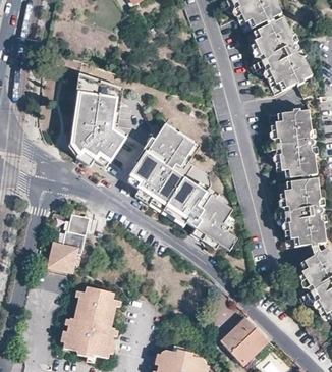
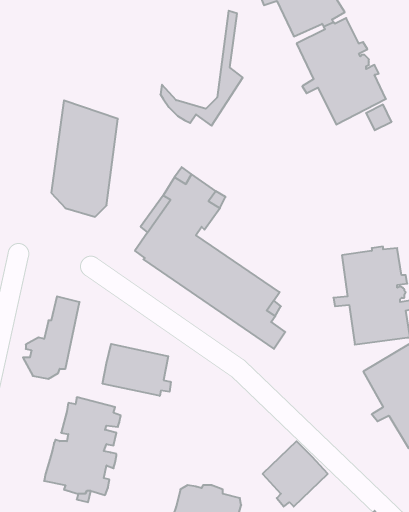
building: [68,87,127,169] -> [160,11,243,126]
building: [263,110,318,179] -> none
building: none -> [103,344,171,396]

